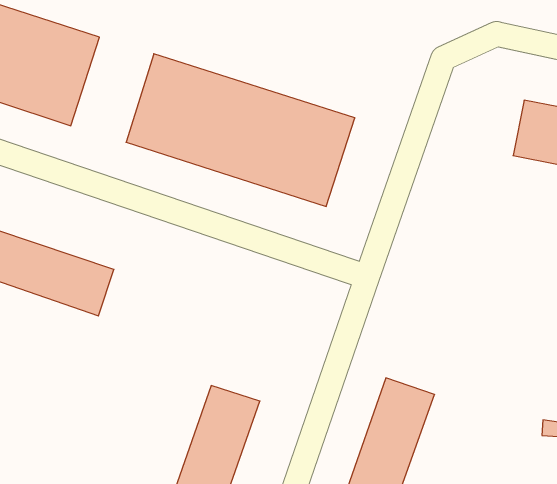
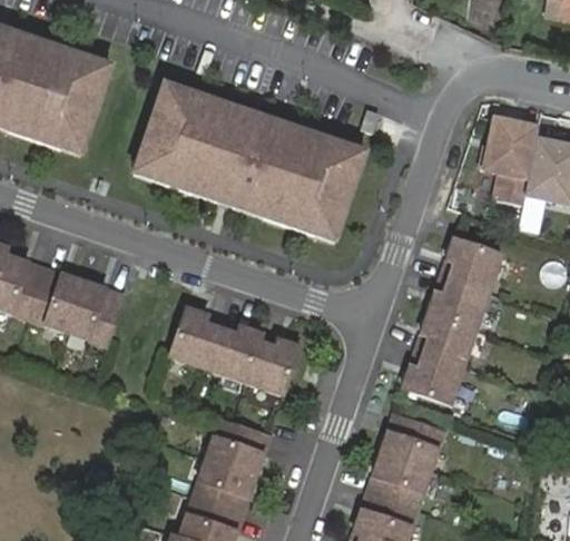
building: none -> [480,111,537,197]
building: none -> [404,235,501,400]
building: none -> [169,308,298,393]

